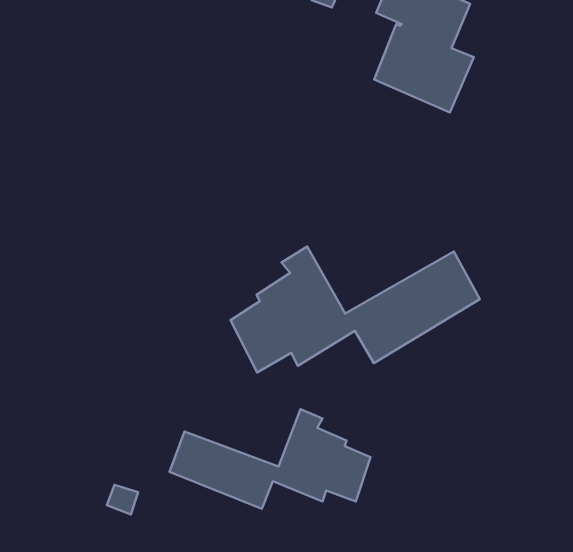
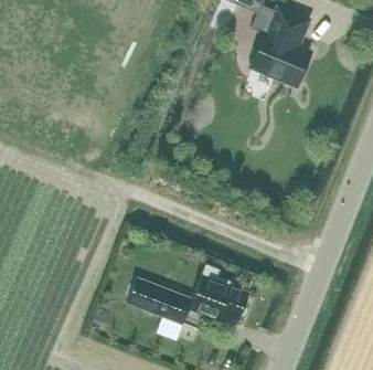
building: [230,247,480,372] -> none

